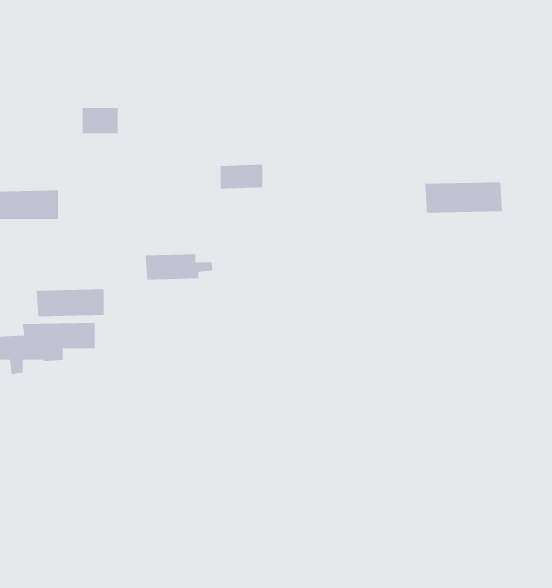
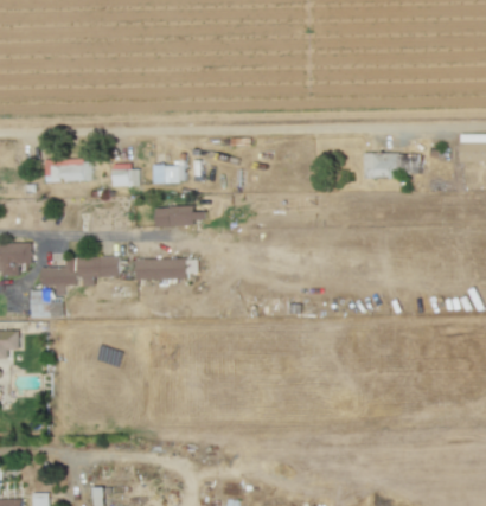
building: [82,107,119,134] -> [111,166,139,186]
building: [220,164,263,189] -> [153,165,185,184]
building: [36,288,105,317] -> [135,258,186,280]

